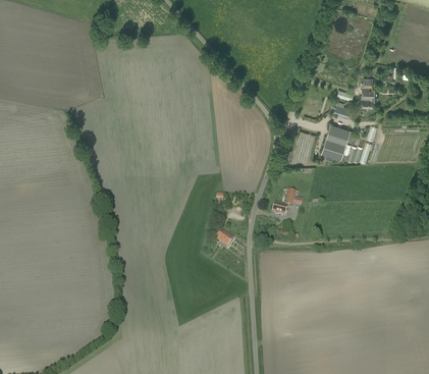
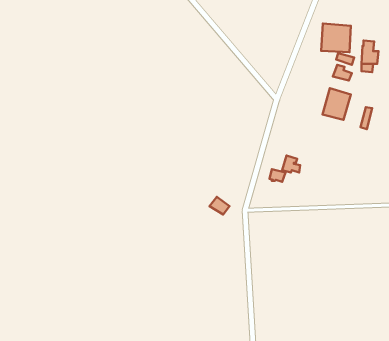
building: none -> [321,24,351,52]

